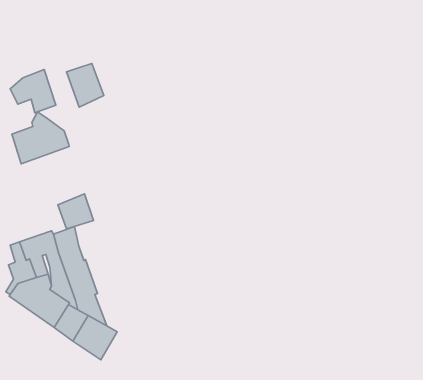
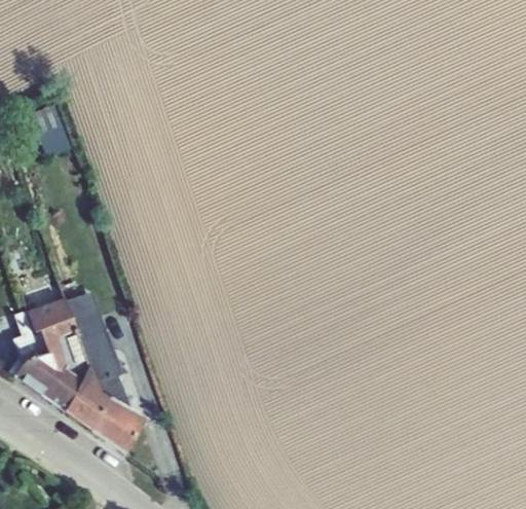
building: [66,64,104,107] -> none
building: [12,112,69,164] -> none
building: [58,194,93,229] -> none

